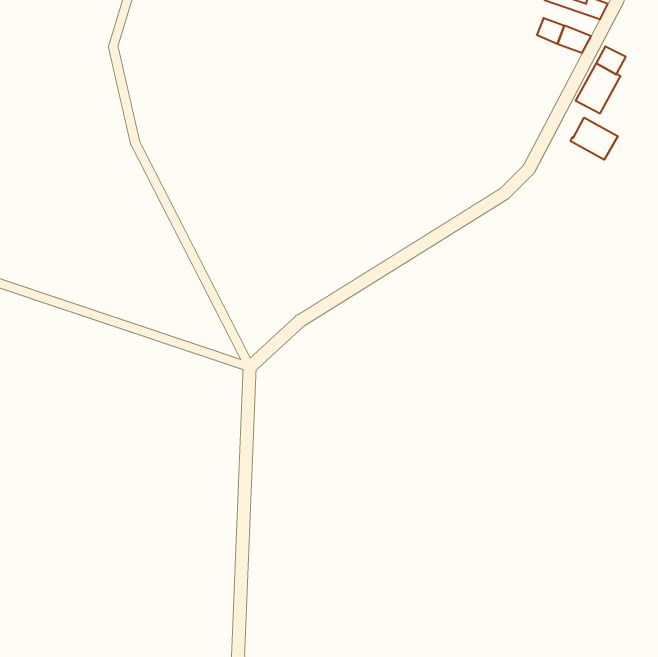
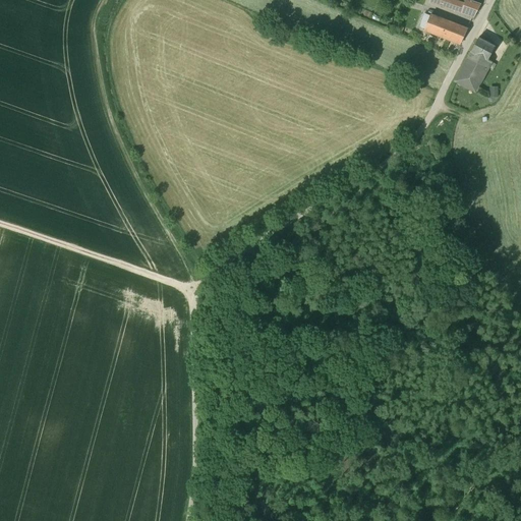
building: [571,118,618,160] -> none

